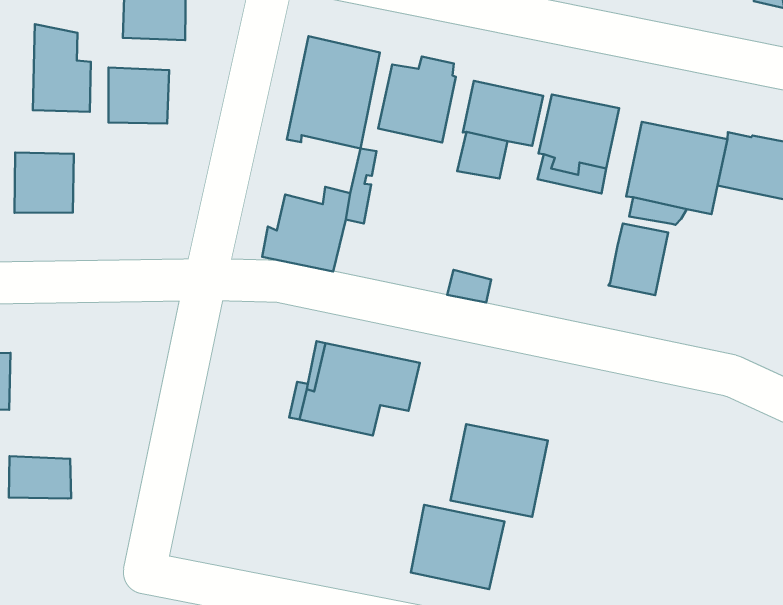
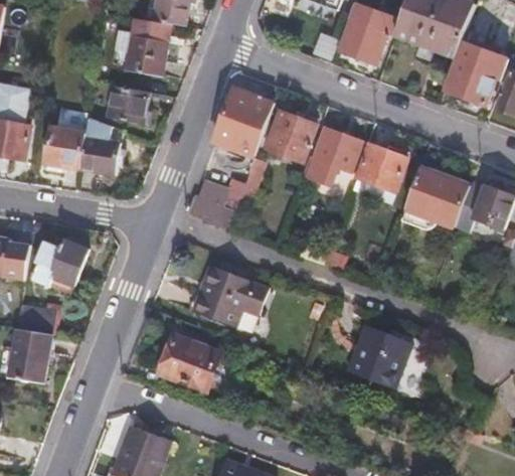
building: [33,24,91,112] -> [78,118,117,174]
building: [608,224,668,295] -> none
building: none -> [35,240,87,284]
building: [451,424,548,517] -> [348,326,410,386]
building: none -> [7,329,49,382]
building: [411,505,504,589] -> [160,333,219,388]

